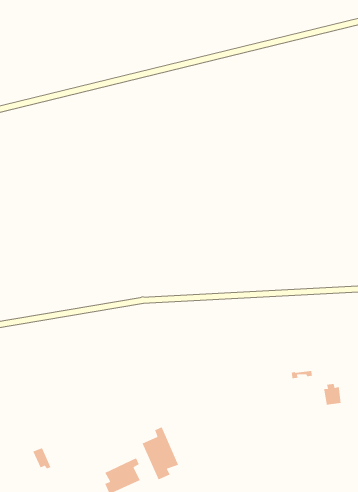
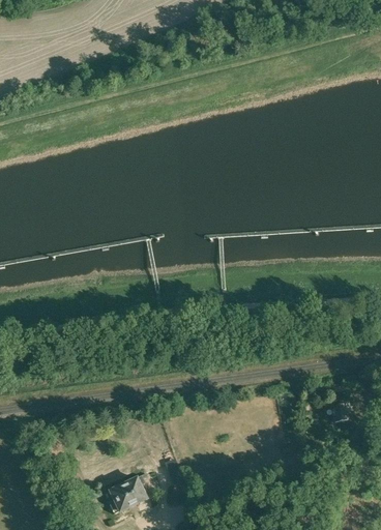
building: [141,426,179,481] -> none

